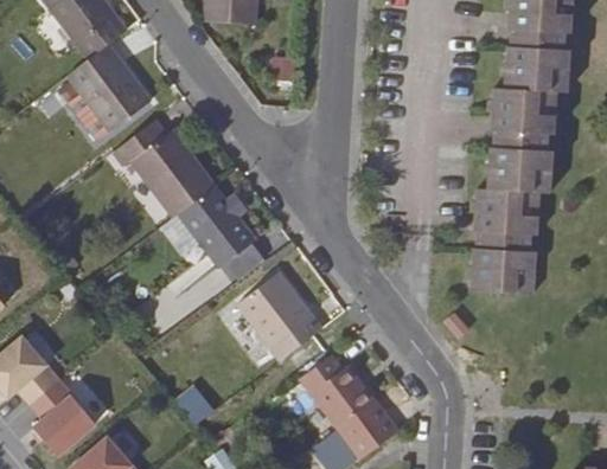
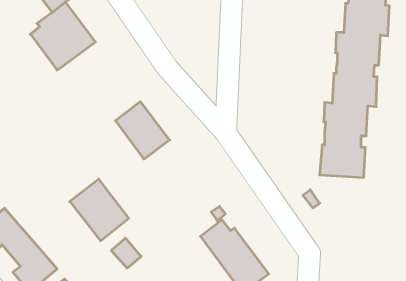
building: [114,121,215,218] -> none
building: [237,272,321,360] -> [70,179,129,241]

